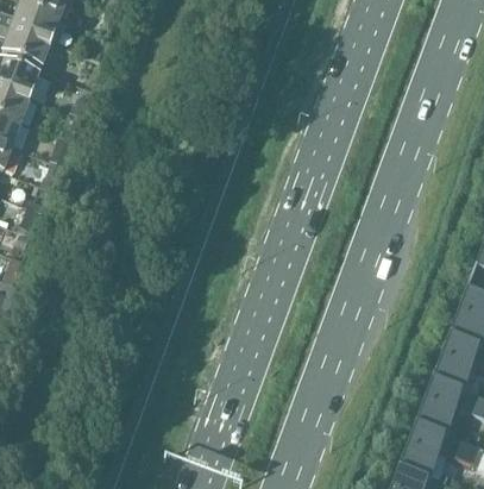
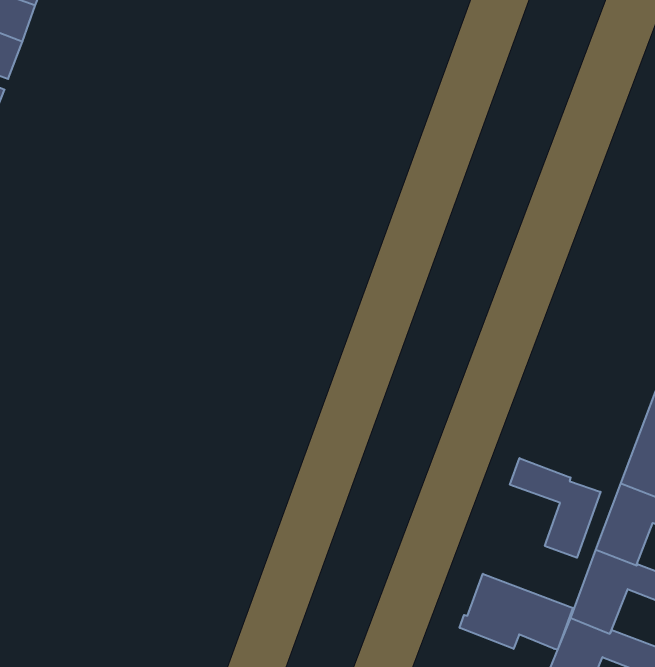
building: none -> [510,458,601,558]
building: none -> [460,574,573,650]

